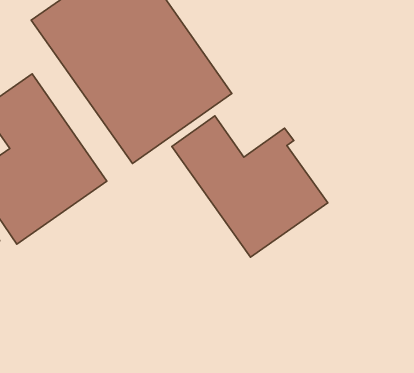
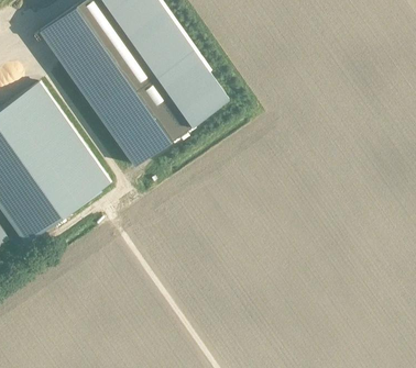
building: [172,116,328,257] -> none

